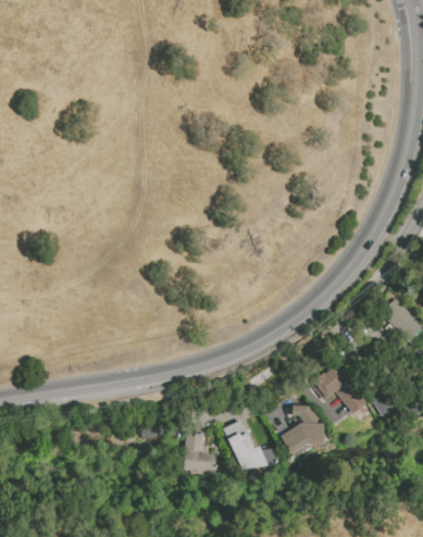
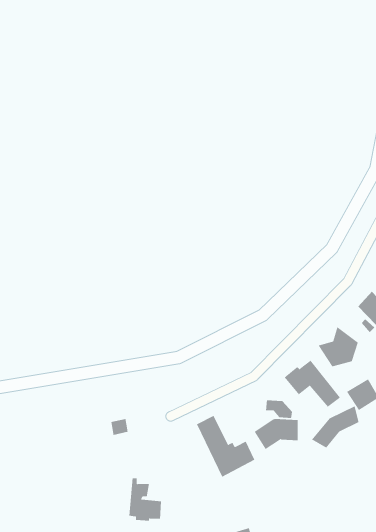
building: none -> [318,326,359,367]
building: none -> [311,405,359,449]
building: [183,433,215,475] -> [129,478,162,521]

